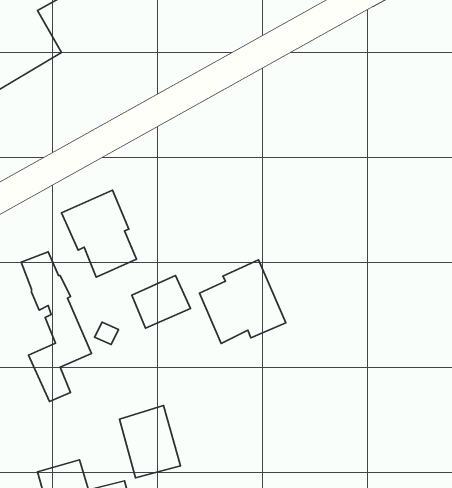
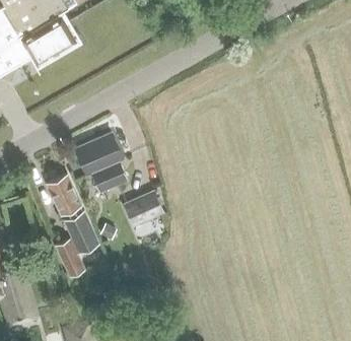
building: [199,260,286,343] -> none
building: [119,406,181,478] -> none

